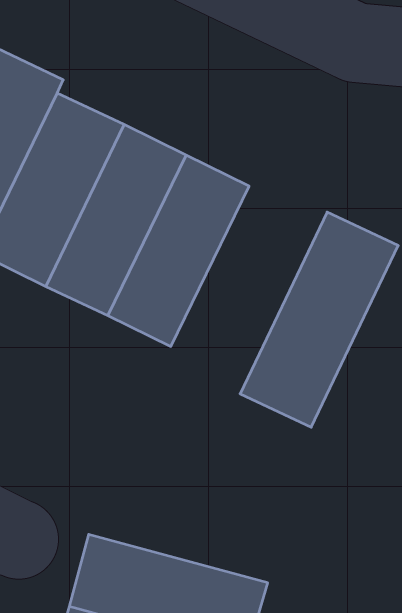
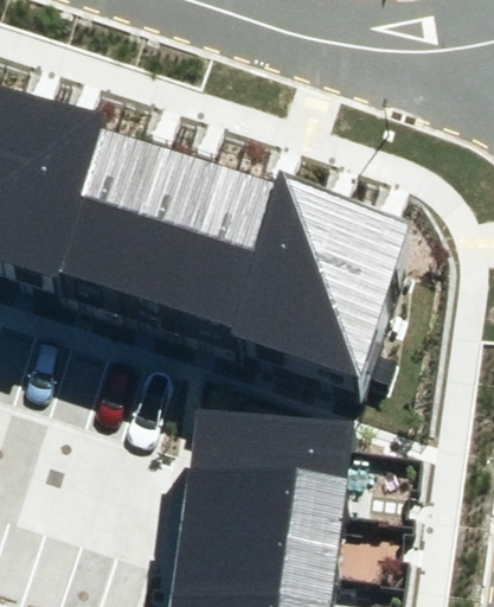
building: none -> [227,175,344,359]
building: none -> [185,433,348,515]

